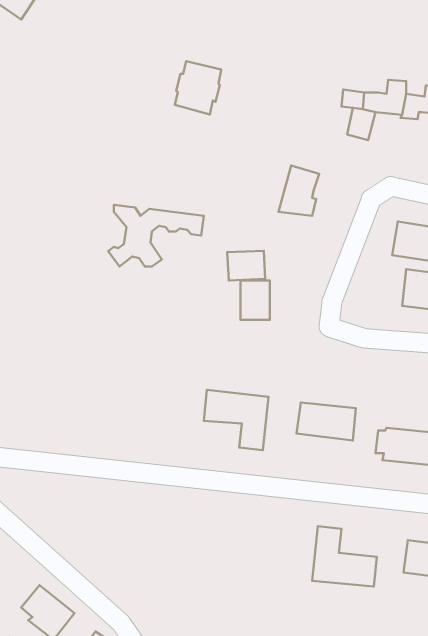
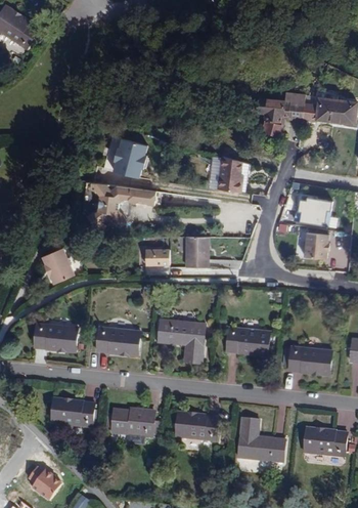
building: [175,61,221,115] -> [114,139,147,178]
building: [227,251,265,280] -> [142,244,170,265]
building: none -> [43,247,75,283]
building: none -> [35,324,78,351]
building: none -> [97,327,140,354]
building: none -> [51,398,97,427]
building: none -> [110,408,154,435]
building: none -> [176,413,219,440]

